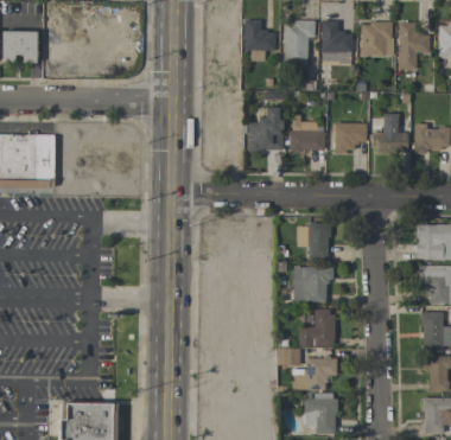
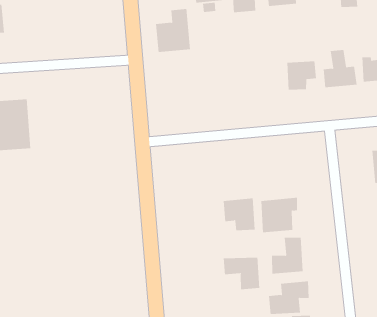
building: [247,107,282,151] -> [155,9,191,52]
building: [290,115,324,151] -> none
building: [297,224,330,259] -> [223,198,255,231]
building: none -> [223,257,260,290]

